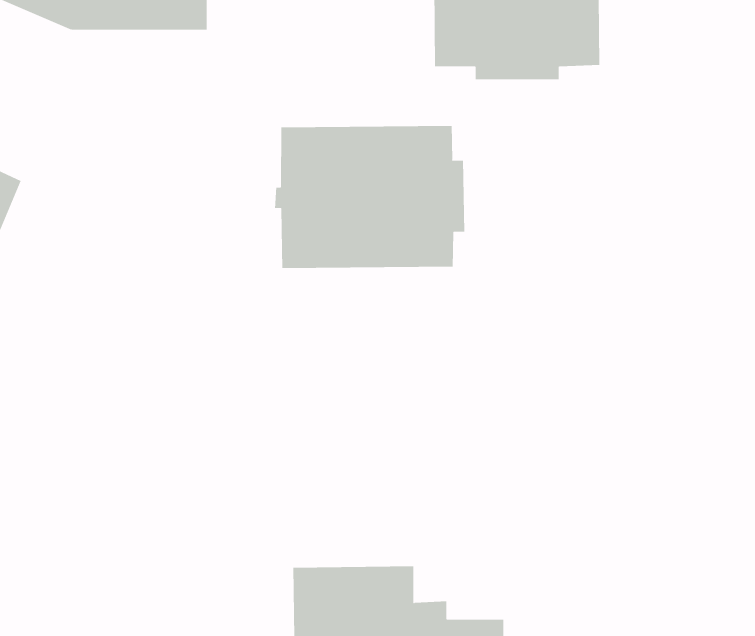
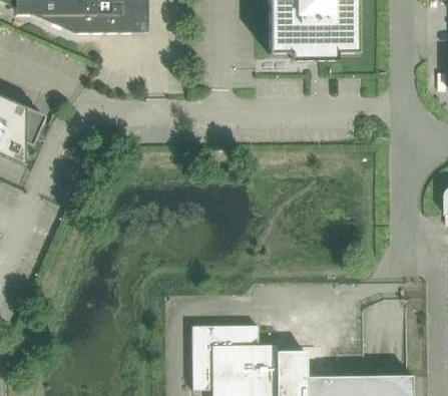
building: [275,125,465,269] -> none

